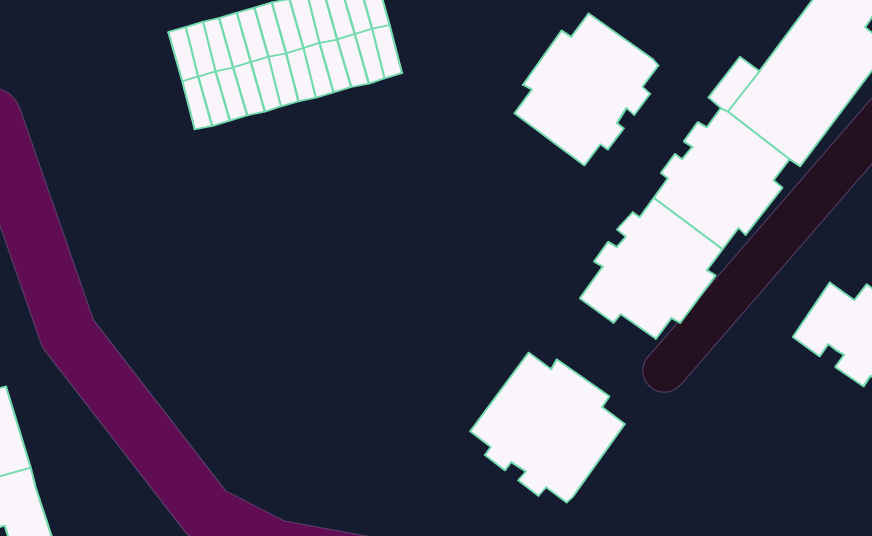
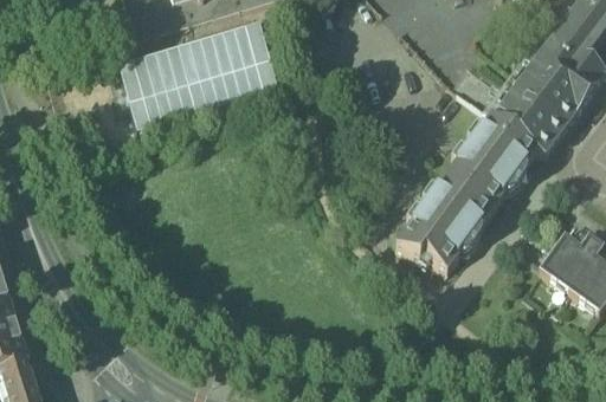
building: [514,13,659,165] -> none
building: [470,353,625,503] -> none

